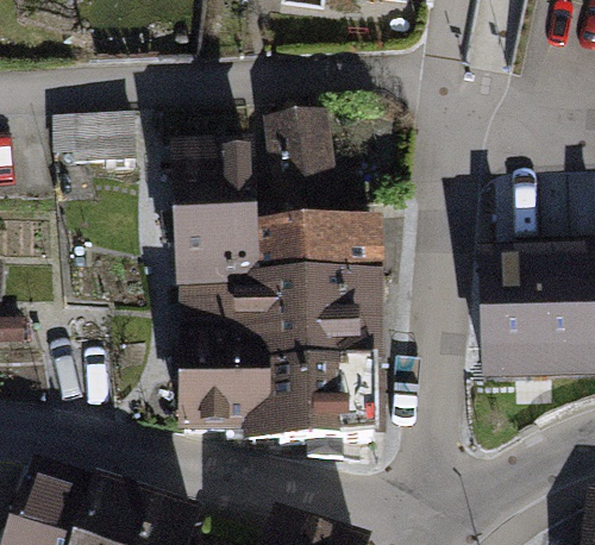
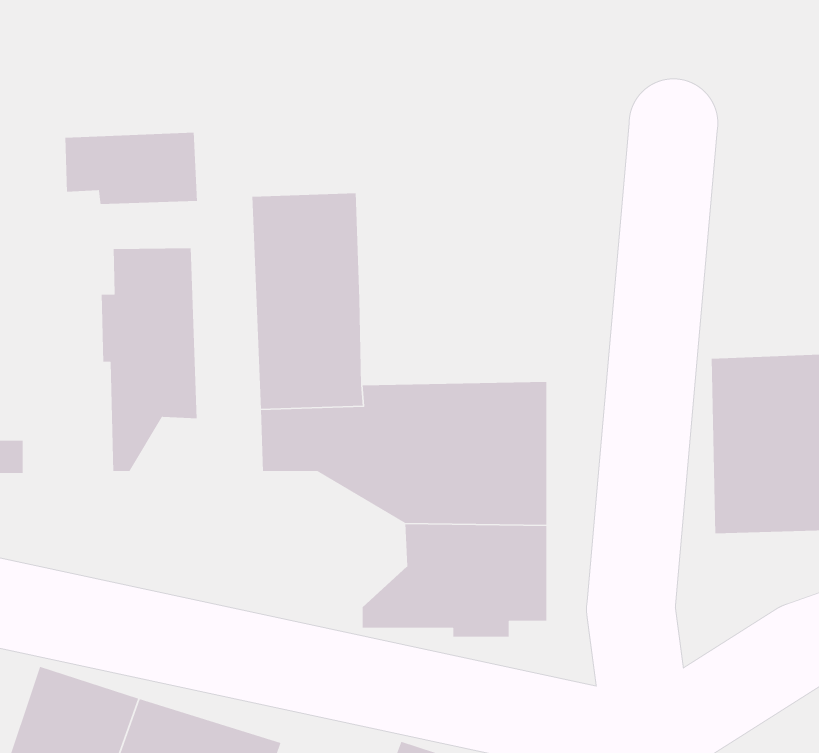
building: [249,108,375,277] -> none
building: none -> [101,247,197,472]
building: [183,336,280,427] -> none

